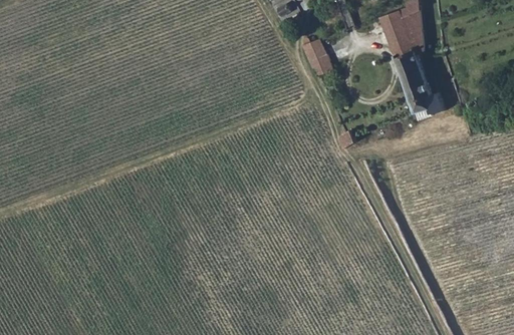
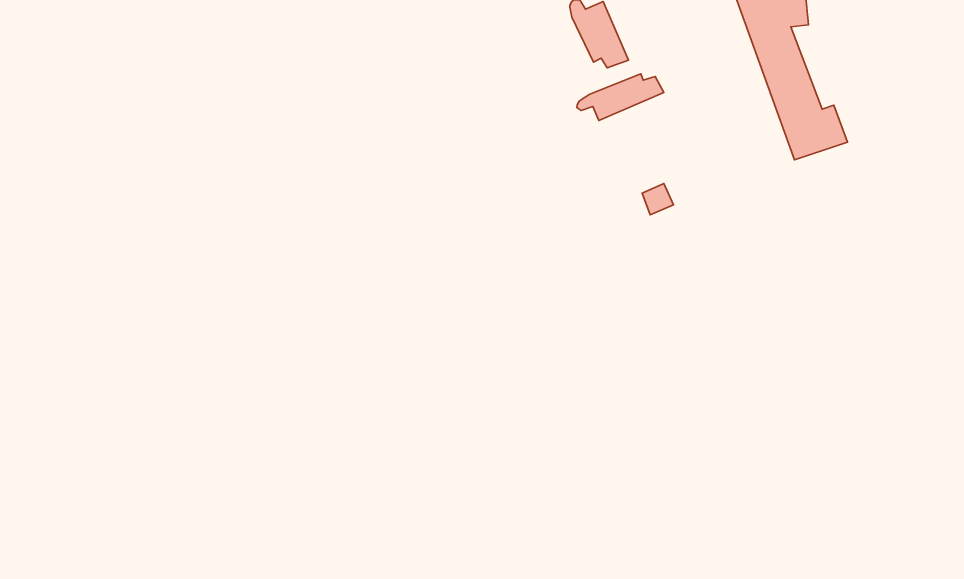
building: none -> [577,74,664,121]

